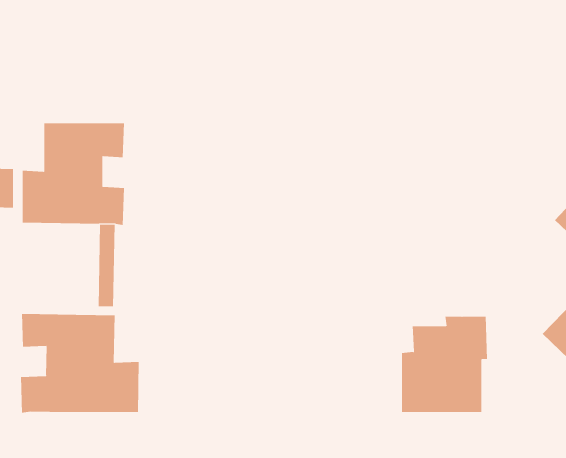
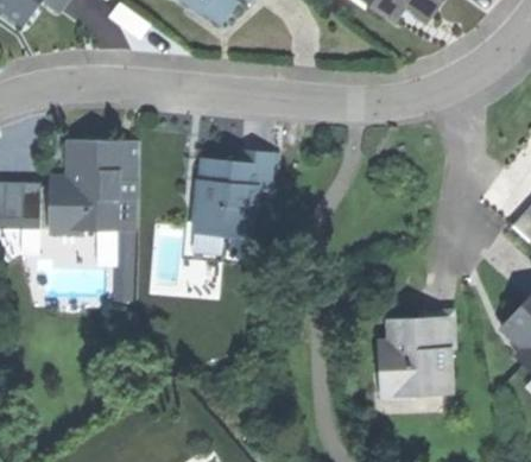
building: none -> [191,151,278,238]
building: [21,313,139,413] -> none

